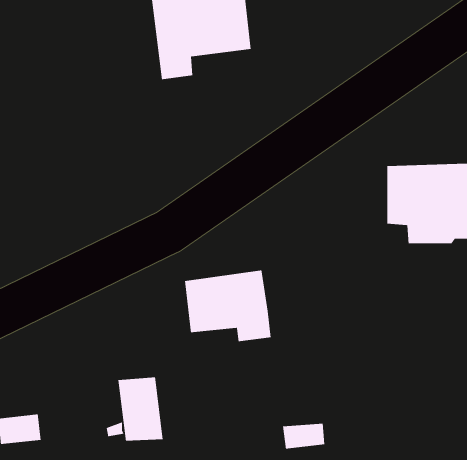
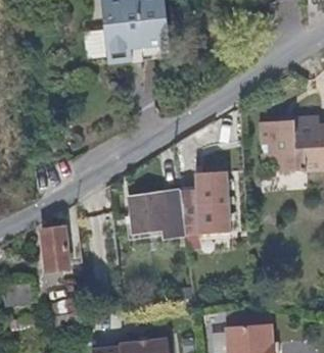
building: none -> [179,170,232,235]
building: [118,377,164,441] -> [37,229,67,271]

